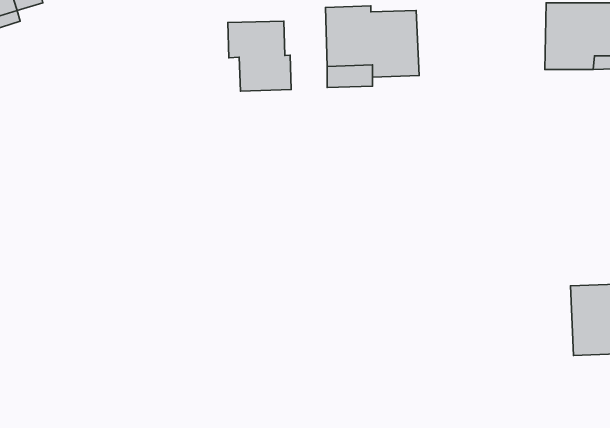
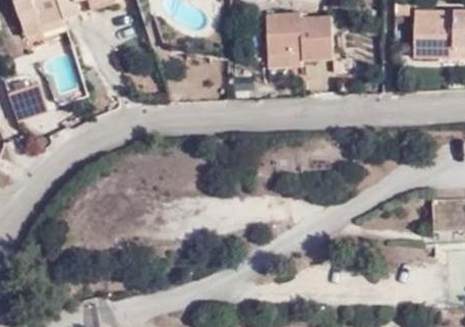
building: [228,21,291,91] -> none

